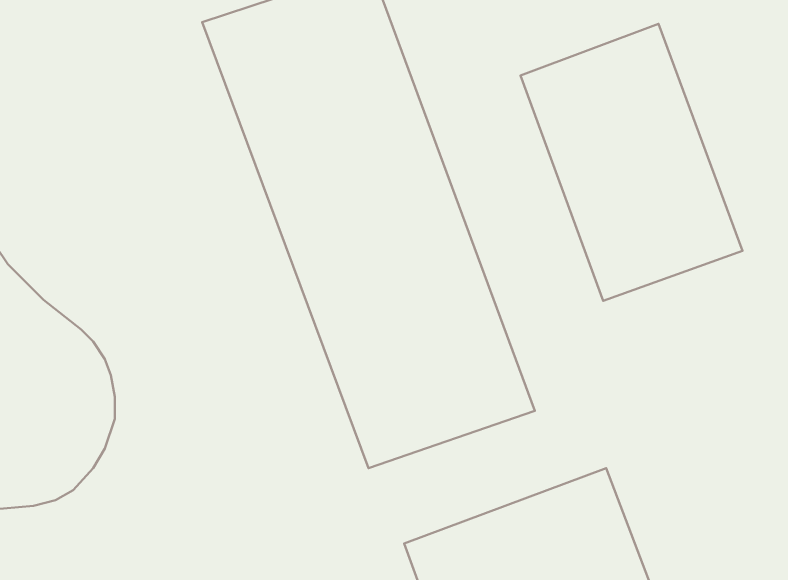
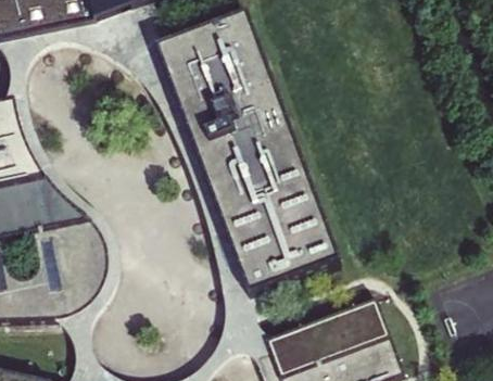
building: [520,24,743,301] -> none

